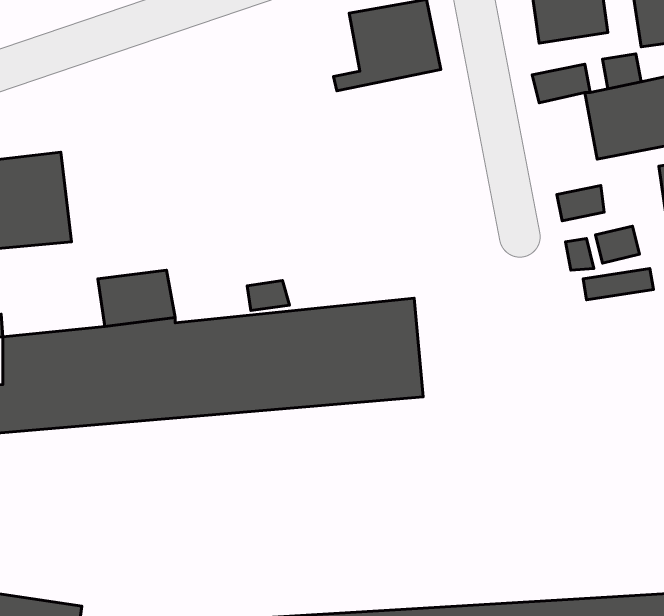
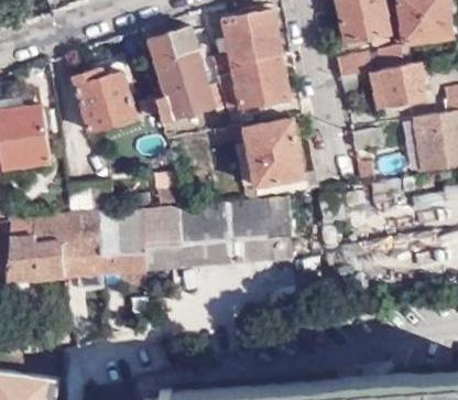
building: none -> [151,29,222,122]
building: none -> [215,55,288,108]
building: none -> [72,62,137,134]
building: none -> [212,115,317,194]

